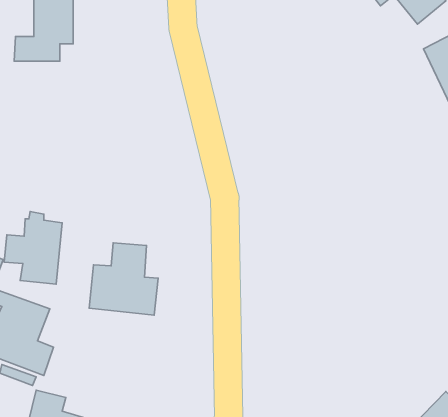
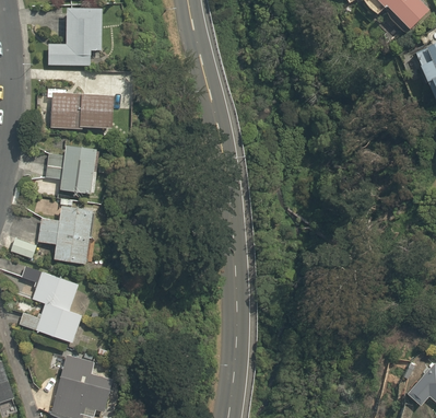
building: none -> [47,89,113,129]
building: none -> [46,140,97,194]
building: [89,243,158,315] -> none

